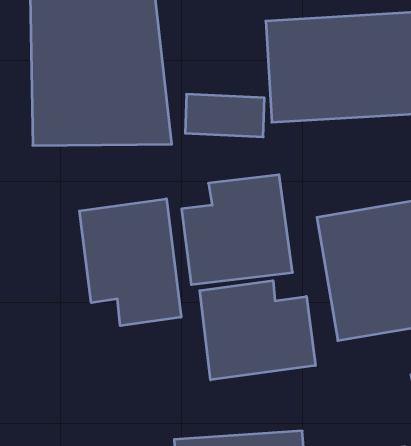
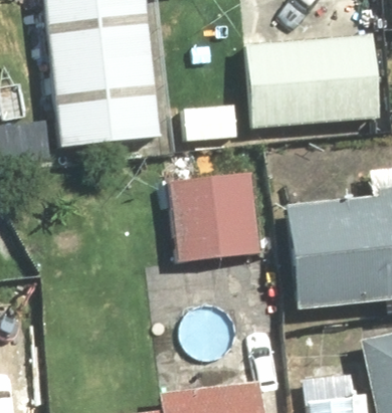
building: [79,199,181,326] -> none
building: [200,281,315,380] -> none

